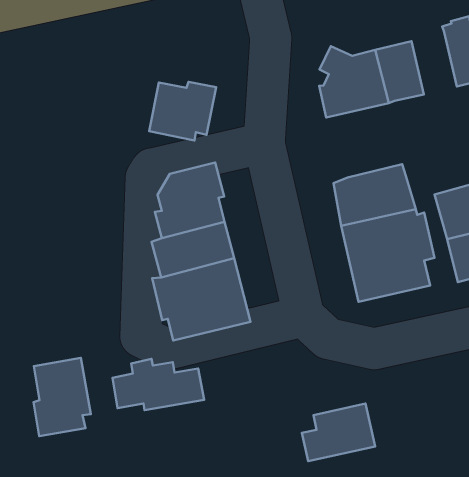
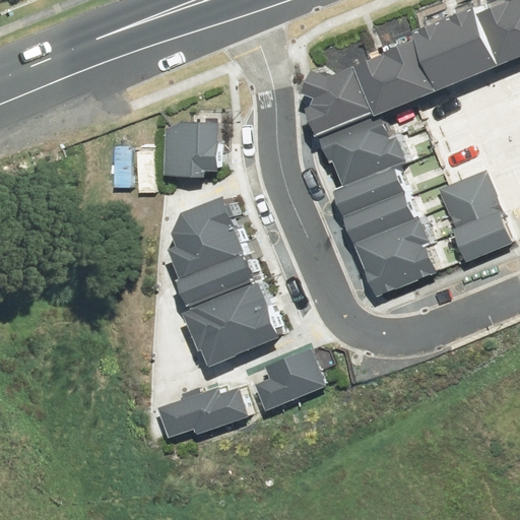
building: none -> [388,39,437,101]
building: none -> [320,111,414,189]
building: [34,358,91,436] -> none
building: [302,404,375,461] -> [253,346,323,408]

